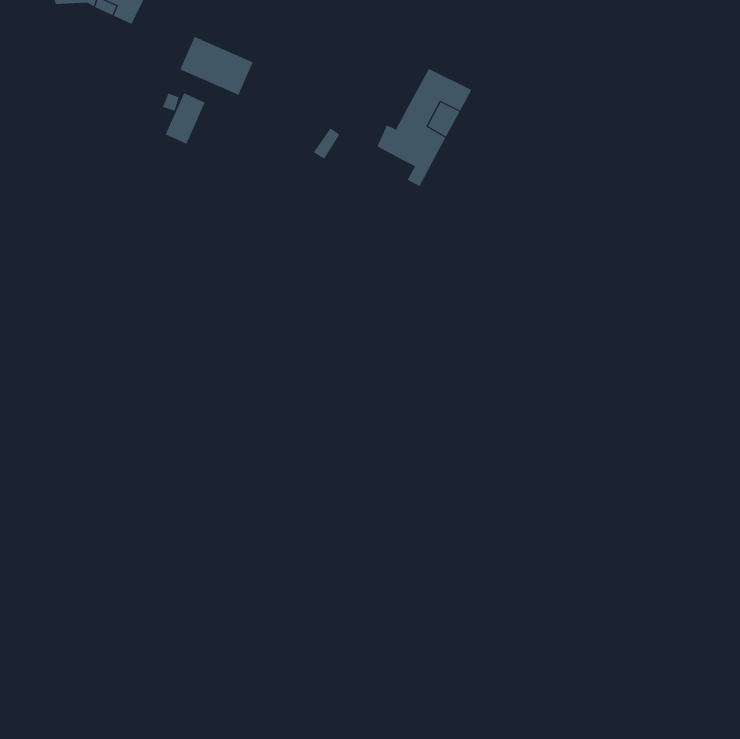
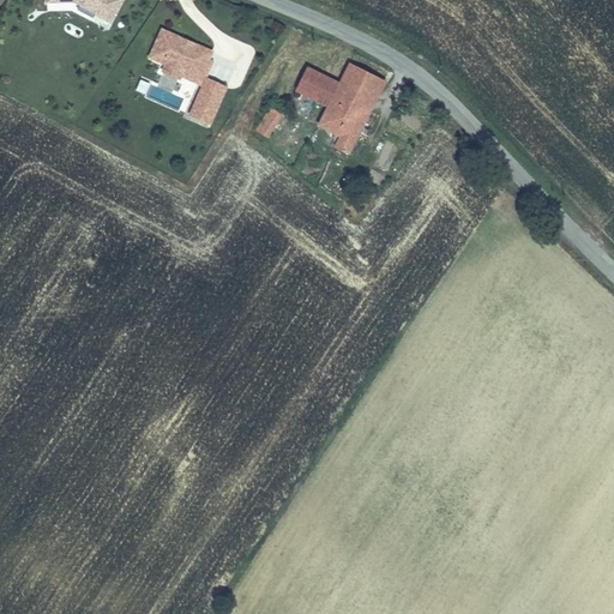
building: none -> [289,65,341,108]
building: [165,92,206,145] -> [194,74,228,118]

